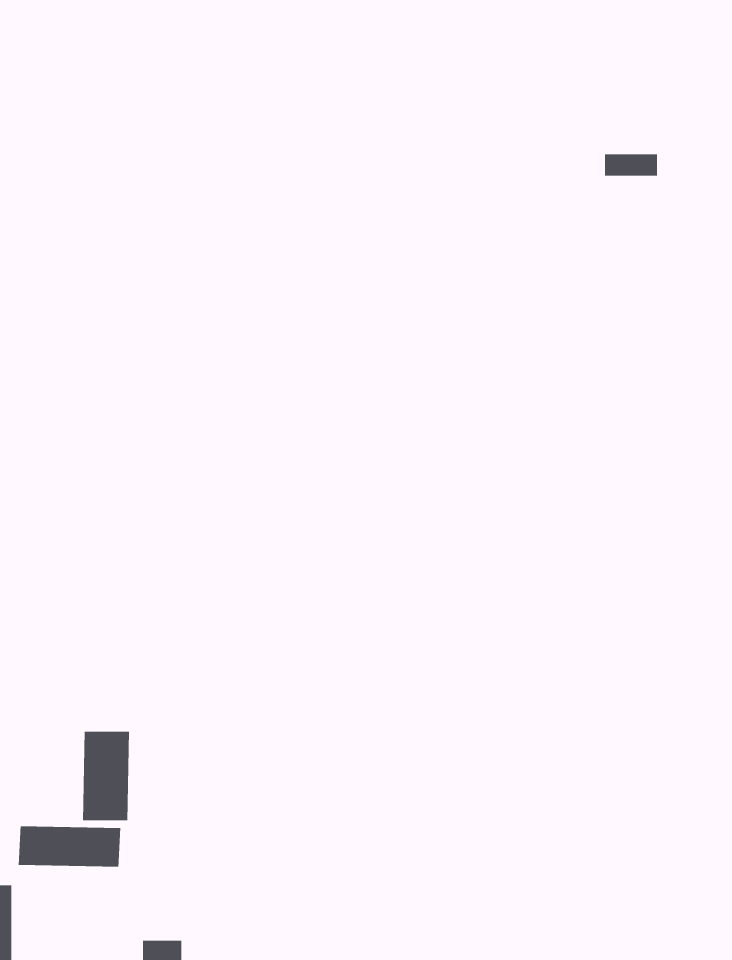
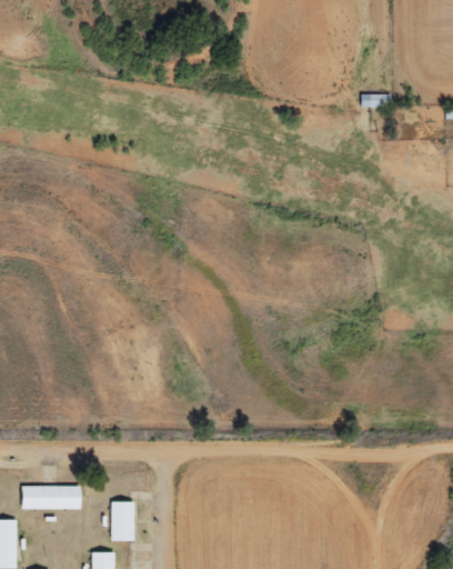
building: [82,731,130,821] -> none
building: none -> [110,502,133,541]

